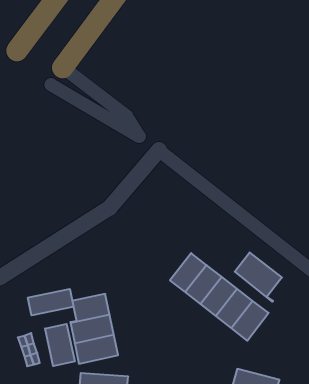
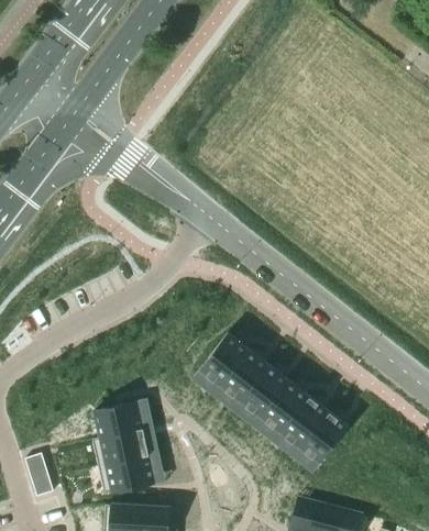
building: none -> [200,335,249,387]
building: [235,252,282,302] -> none
building: [28,289,73,315] -> none
building: [45,324,75,366] -> none

